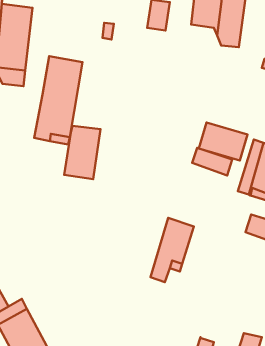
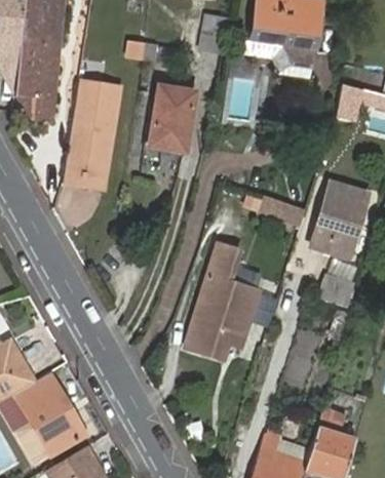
building: [199,122,248,161] -> none
building: [64,126,101,179] -> [152,83,197,149]
building: none -> [185,242,237,351]

